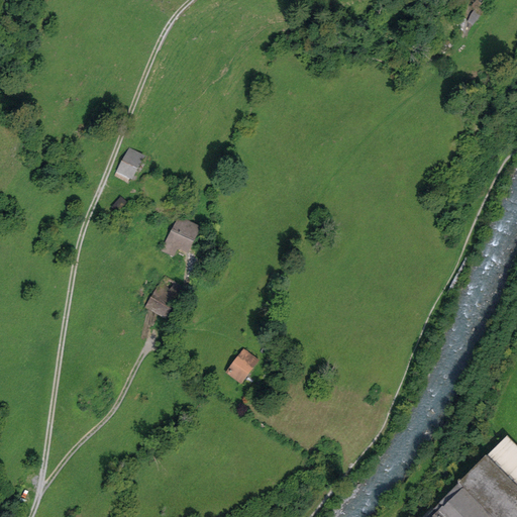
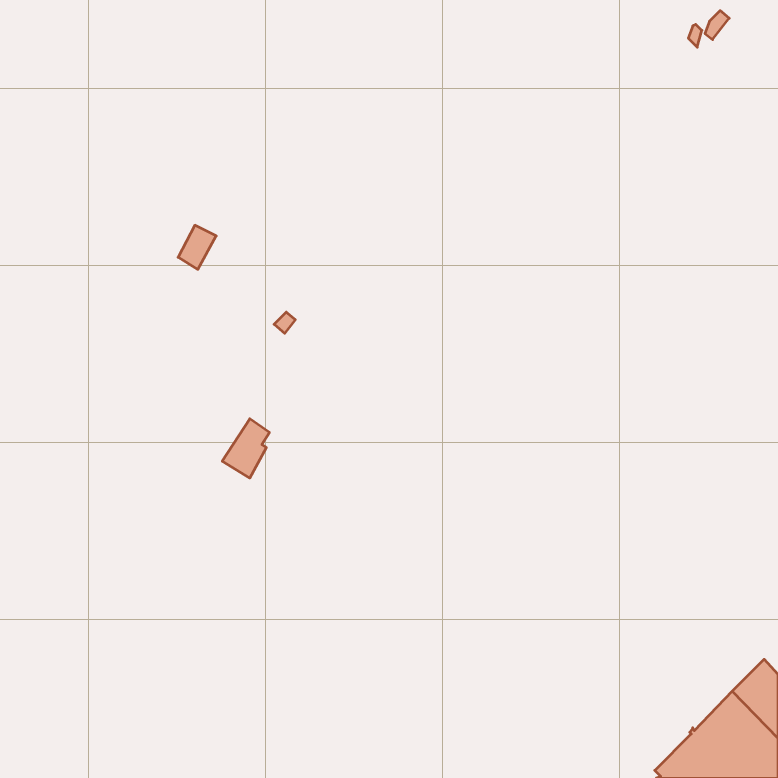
building: [166,218,198,250] -> none
building: [228,351,256,383] -> none

